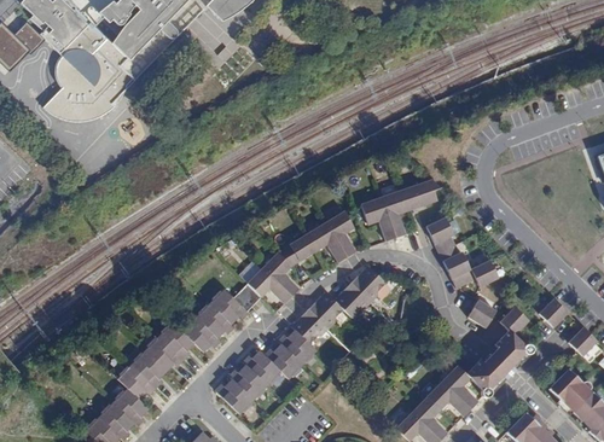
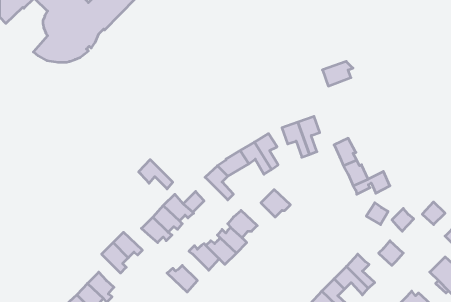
building: [401,179,440,210] -> [322,61,353,86]
building: [350,266,385,302] -> none
building: [248,267,291,304] -> [139,160,173,189]
building: [308,291,343,328] -> none
building: [158,322,192,360] -> none
building: [495,331,533,364] -> none
building: [466,360,500,397] -> none
building: [117,365,155,399] -> none
building: [228,365,267,399] -> none

